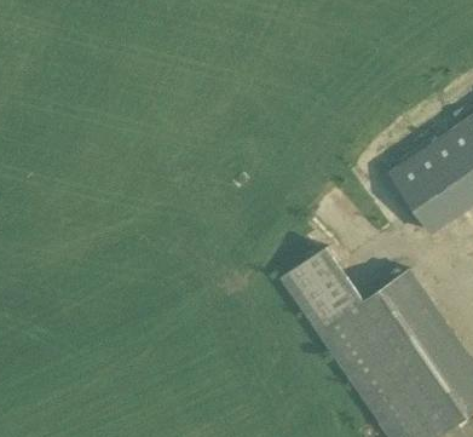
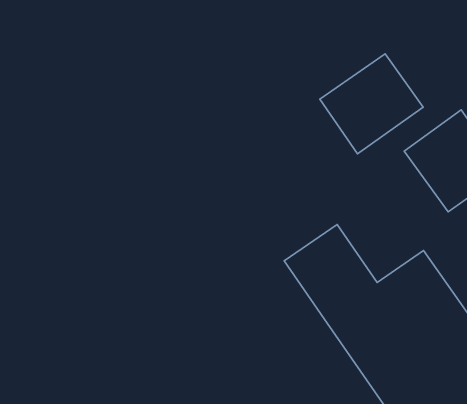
building: none -> [320,54,423,154]

